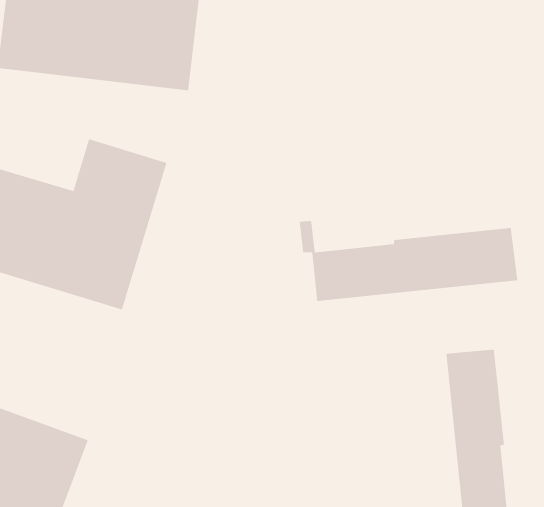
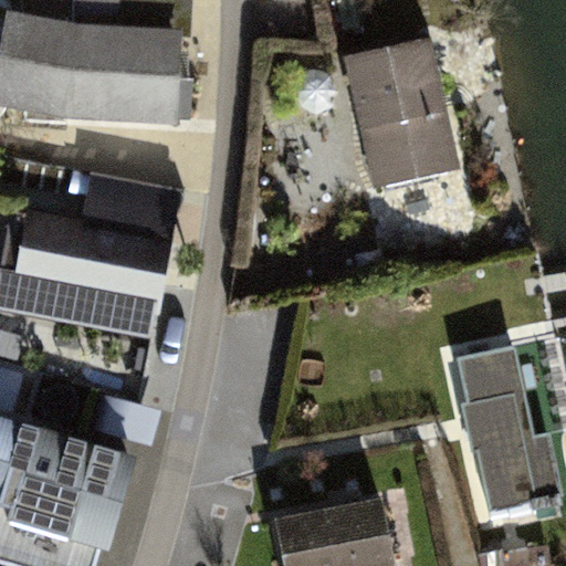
building: none -> [352,34,440,176]
building: [299,220,518,302] -> none

